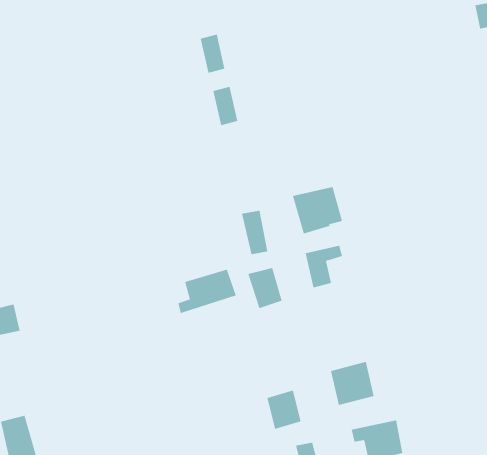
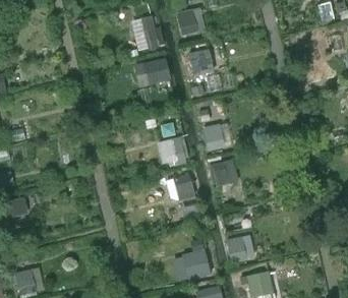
building: none -> [176,7,206,36]
building: none -> [187,48,215,76]
building: [178,269,236,314] -> none

